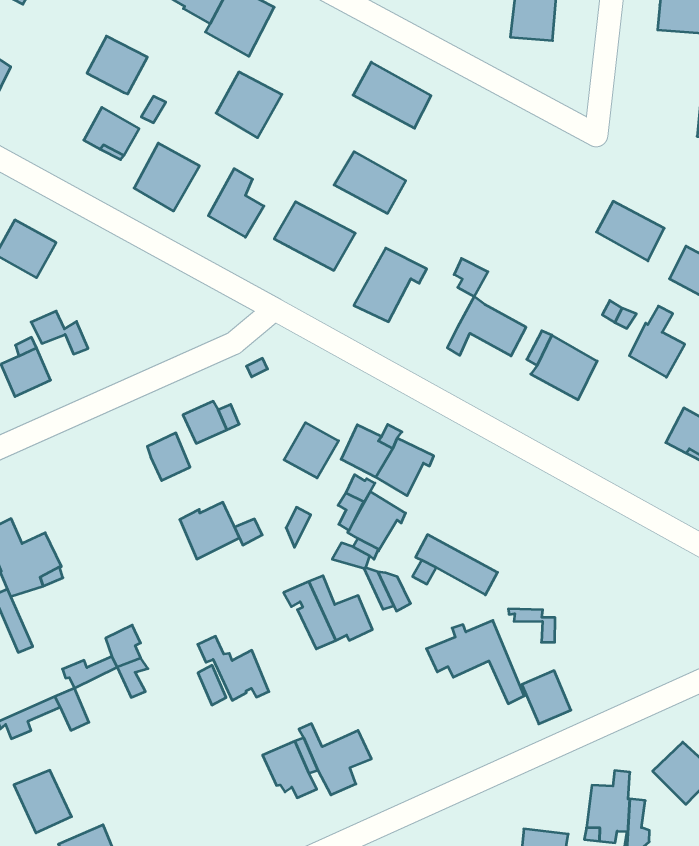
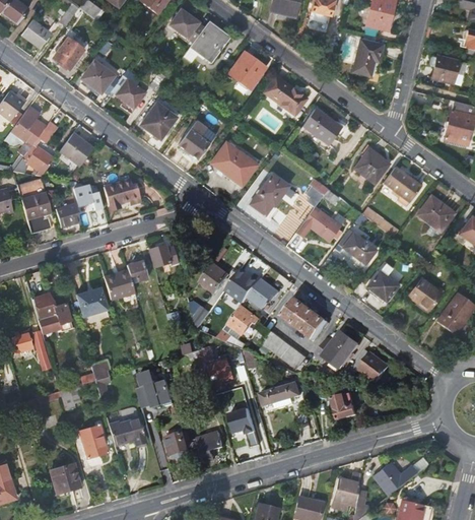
building: [87,36,147,94] -> [81,61,115,93]
building: [216,72,282,138] -> [228,53,265,89]
building: [334,152,406,213] -> [301,109,340,144]
building: none -> [354,149,389,183]
building: none -> [105,180,142,209]
building: [629,306,685,377] -> [366,264,397,303]
building: none -> [282,299,327,340]
building: none -> [77,285,107,316]
building: [180,502,239,559] -> [104,270,134,299]
building: none -> [313,330,360,369]
building: none -> [353,348,390,383]
building: [522,671,571,724] -> [333,393,357,420]
building: none -> [231,407,259,444]
building: none -> [108,415,146,447]
building: [14,770,72,833] -> [79,426,108,458]

